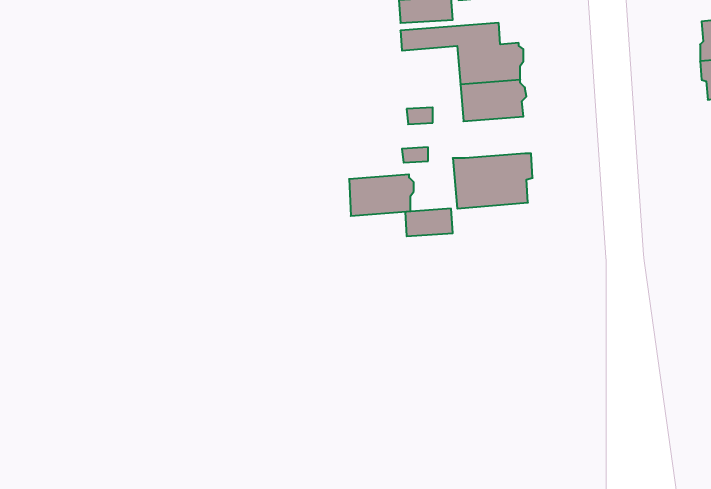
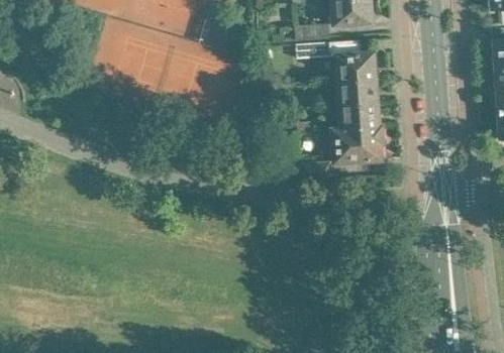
building: [349,174,414,216] -> [337,102,380,129]

